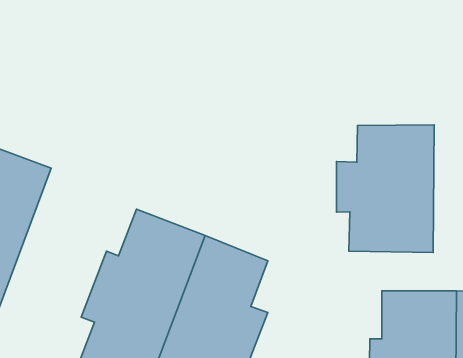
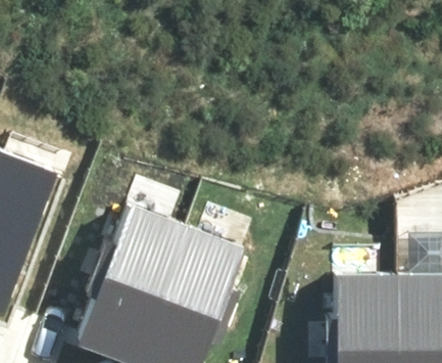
building: [336,125,434,253] -> none

